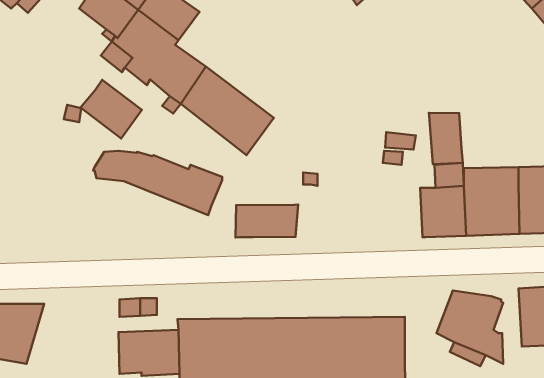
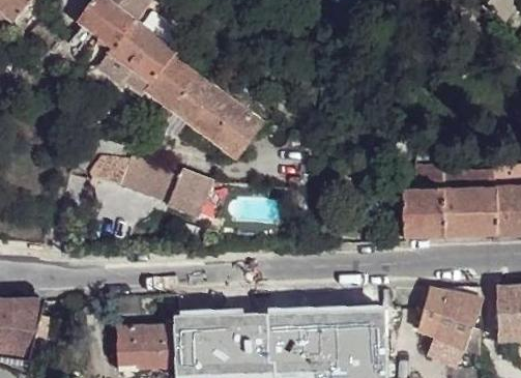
building: [81,80,142,138] -> none
building: [429,113,463,164] -> none
building: [235,205,298,237] -> none

